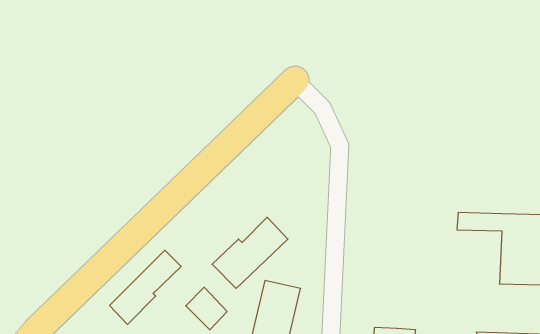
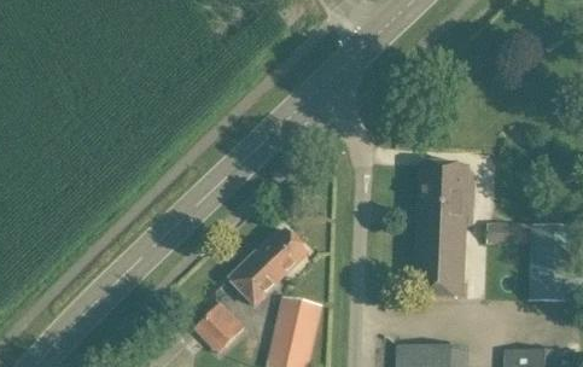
building: none -> [415,162,466,297]
building: [110,250,181,324] -> none

